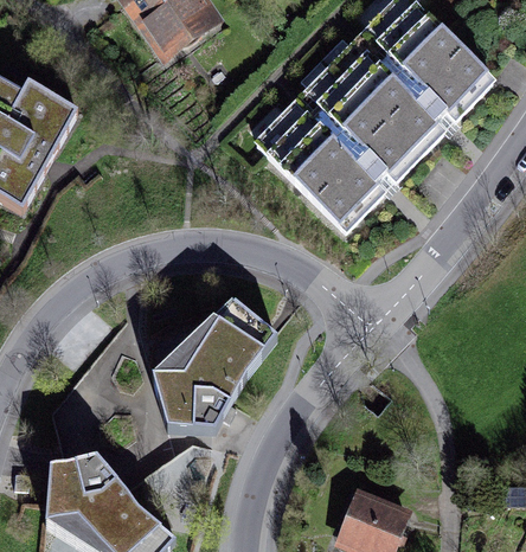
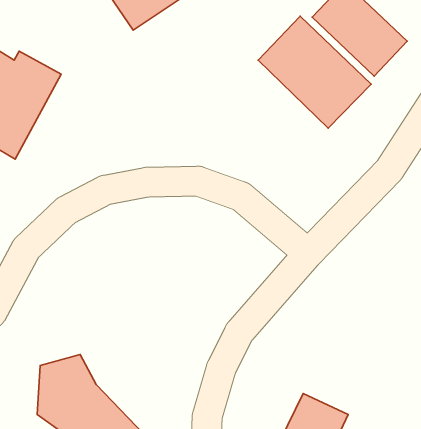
building: [261,103,387,231] -> none
building: [149,294,278,422] -> none

